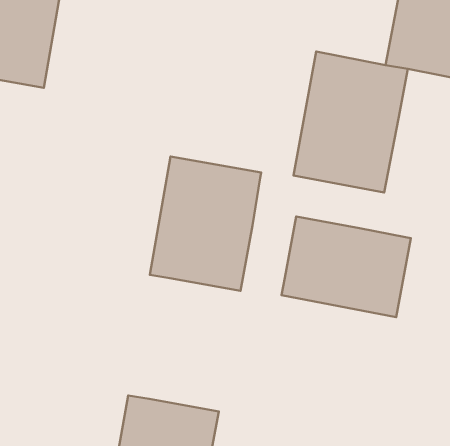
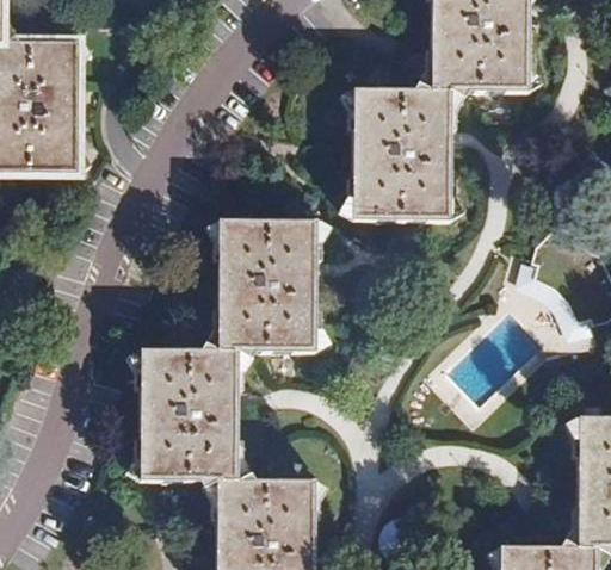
building: [281,216,411,317] -> none
building: none -> [142,348,240,479]

